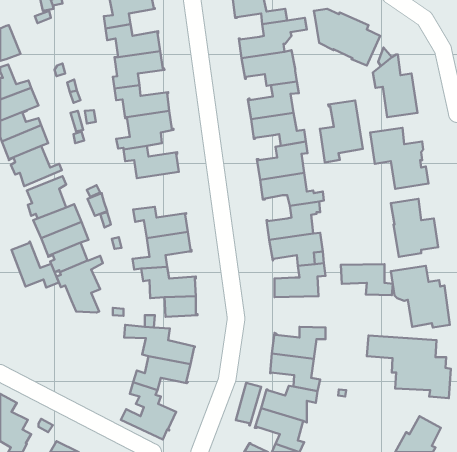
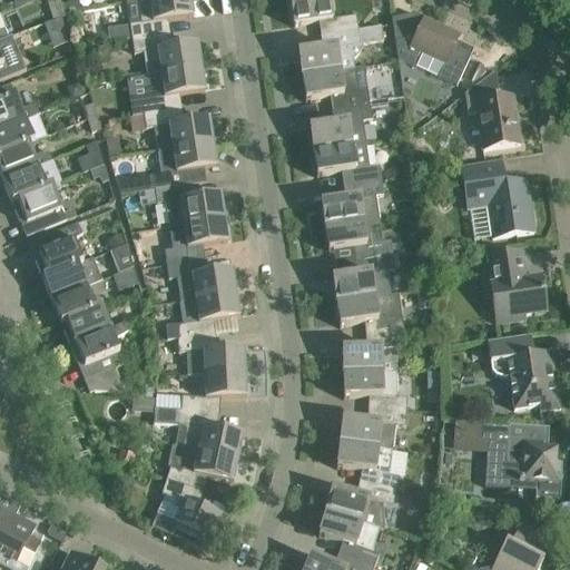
building: [320,101,363,162] -> none
building: none -> [164,214,227,261]
building: [11,242,59,288] -> none
building: [341,264,393,295] -> [342,368,406,407]
building: [236,383,261,425] -> none

